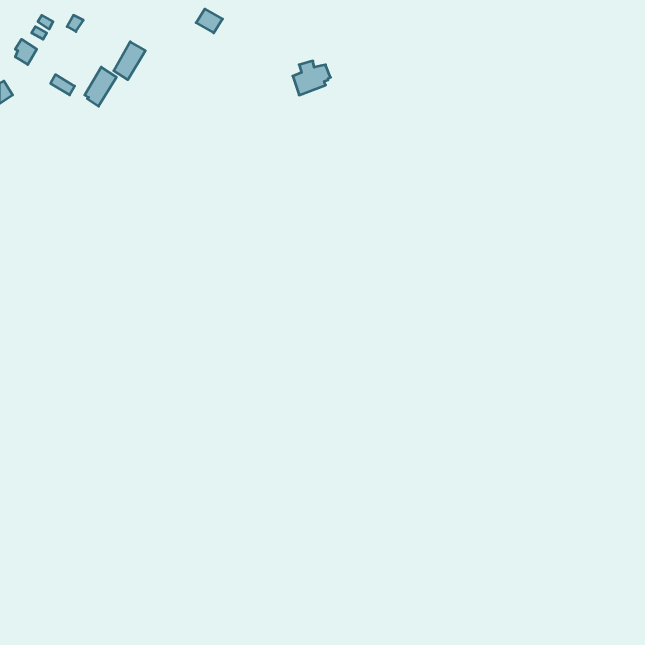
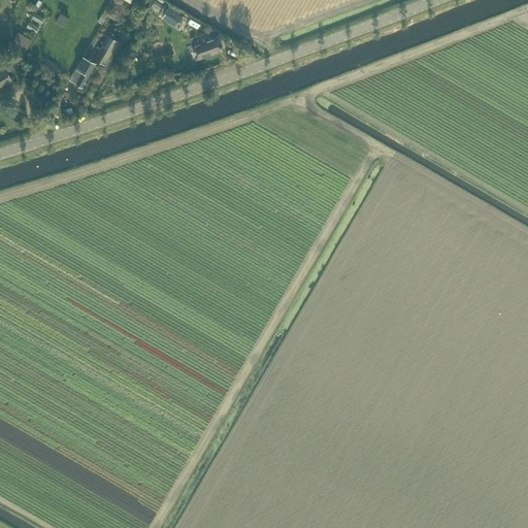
building: [293,61,331,95] -> [191,32,222,60]

